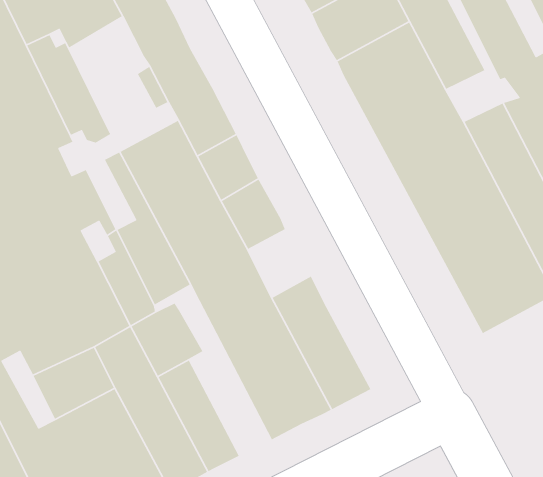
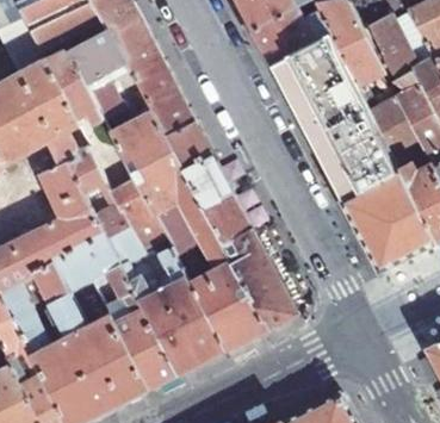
building: none -> [70,35,126,122]
building: none -> [205,194,253,245]
building: none -> [154,248,223,365]

